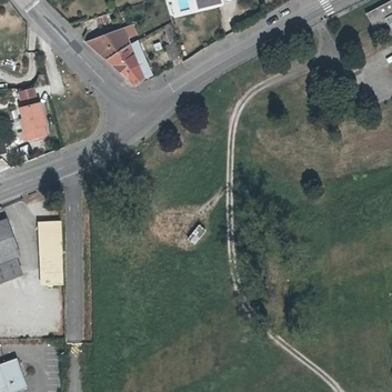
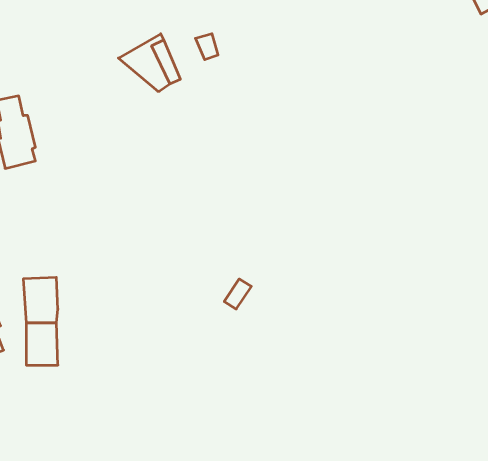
building: [87,23,138,60] -> none

